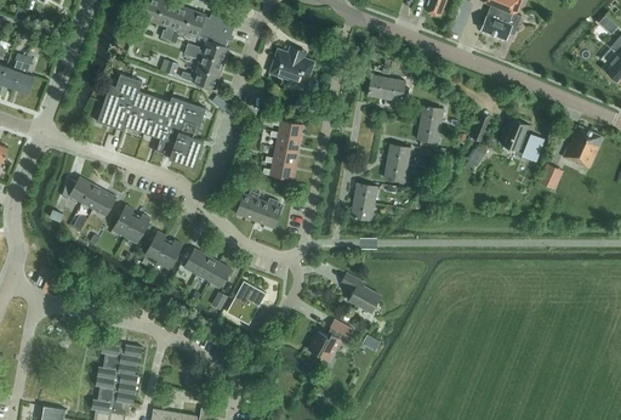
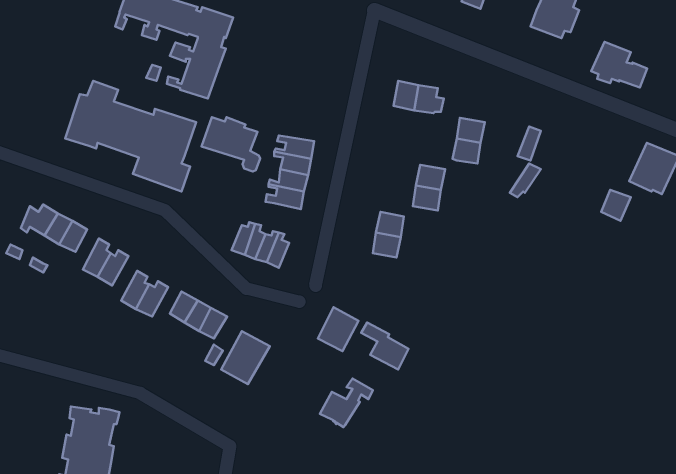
building: [268,50,317,95] -> [201,117,260,172]
building: [497,119,543,157] -> [591,42,647,88]
building: none -> [318,307,359,351]

